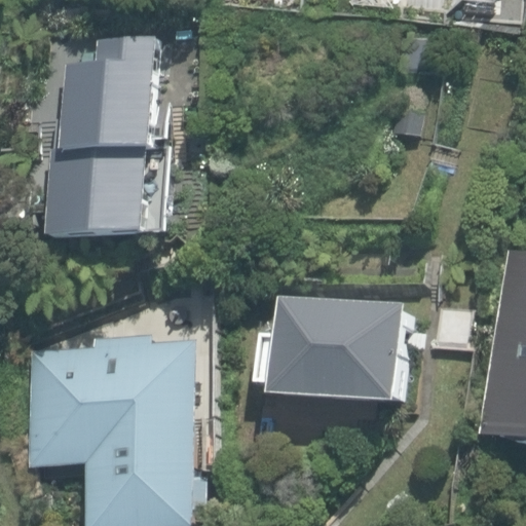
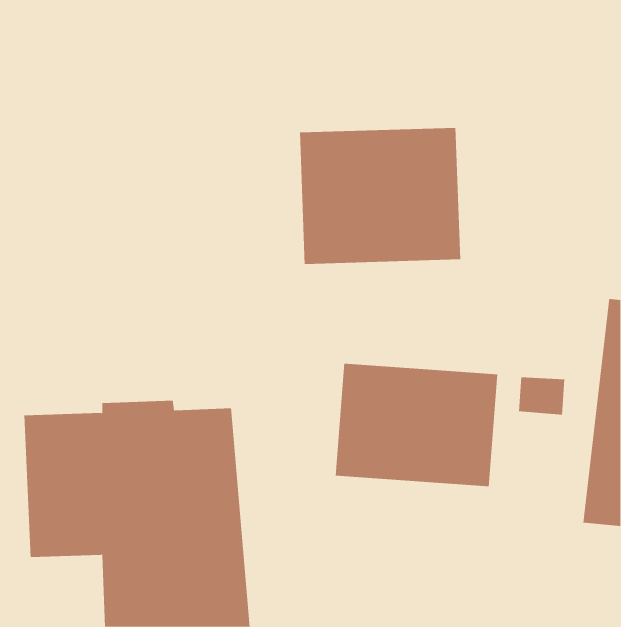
building: [51,36,156,238] -> none
building: none -> [300,127,461,265]

